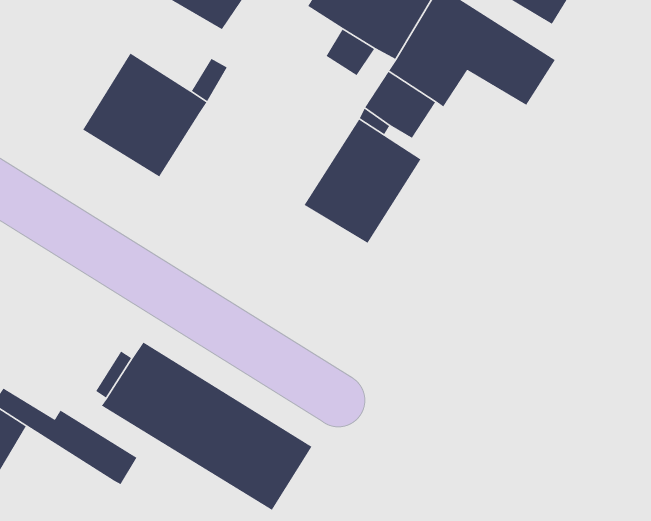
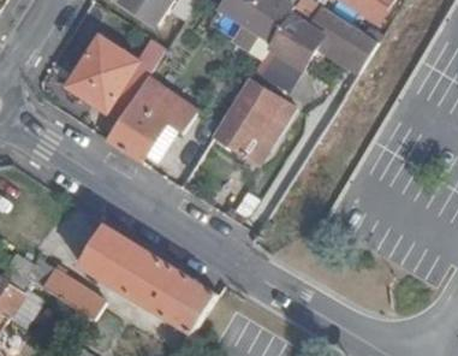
building: none -> [105,76,196,161]

